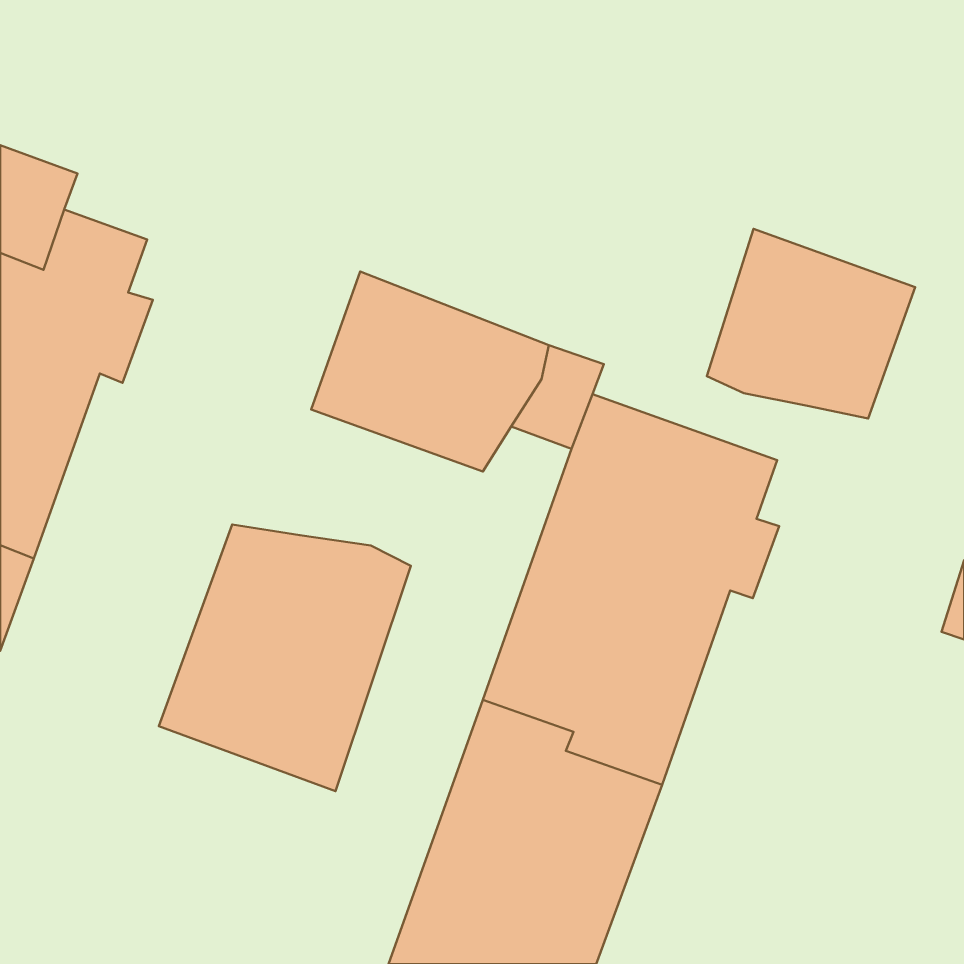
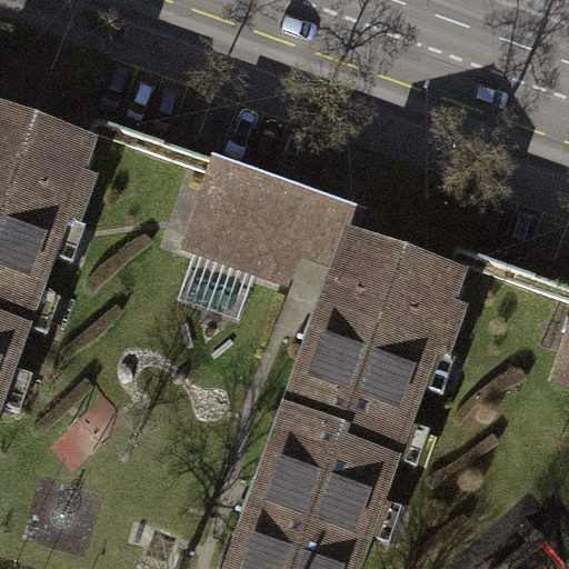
building: [707,229,915,419] -> none
building: [159,525,411,791] -> none

